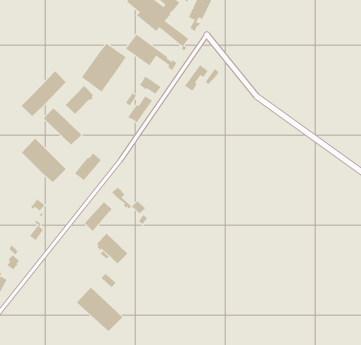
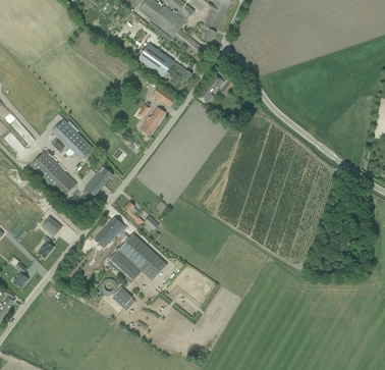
building: [81,43,127,93] -> none
building: [21,70,66,117] -> none
building: [65,85,94,114] -> none
building: [76,287,123,332] -> [118,232,167,279]

